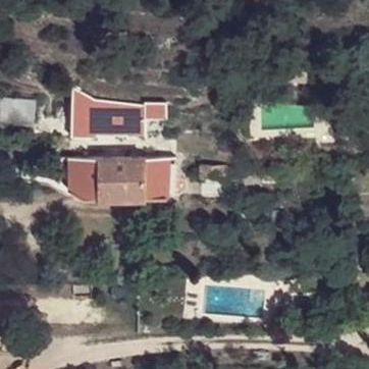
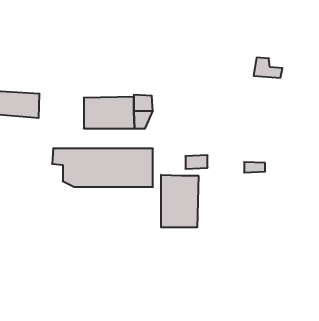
building: [71,92,97,143] -> none
building: none -> [161,175,198,227]

